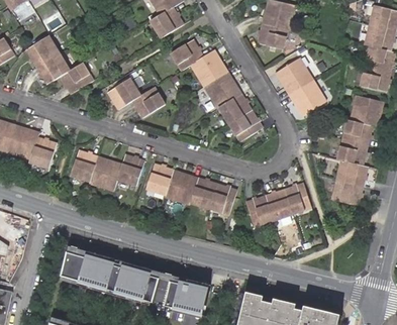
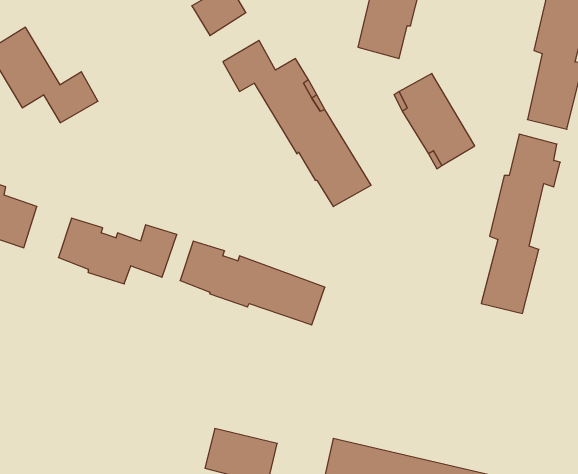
building: [107,79,165,119] -> none
building: [243,186,310,229] -> none
building: [57,248,157,301] -> none

